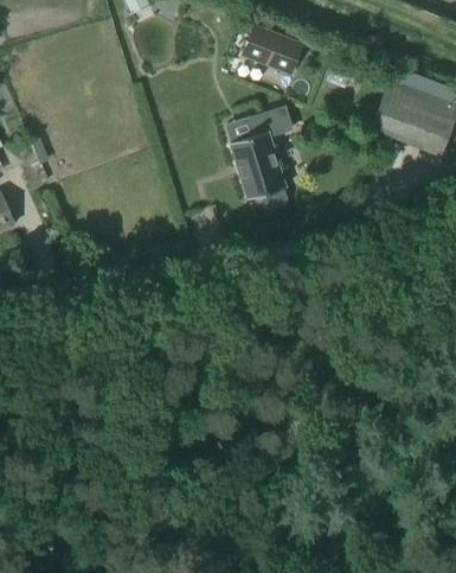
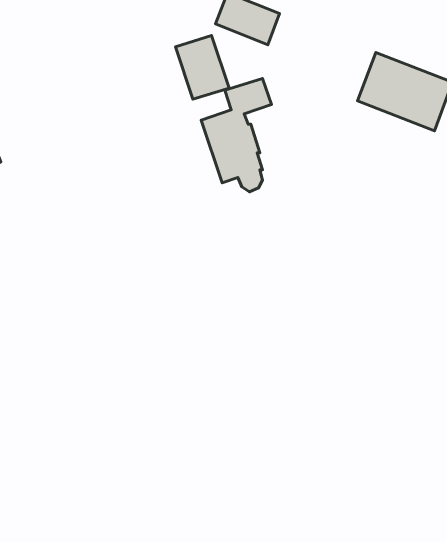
building: none -> [175,35,229,99]

